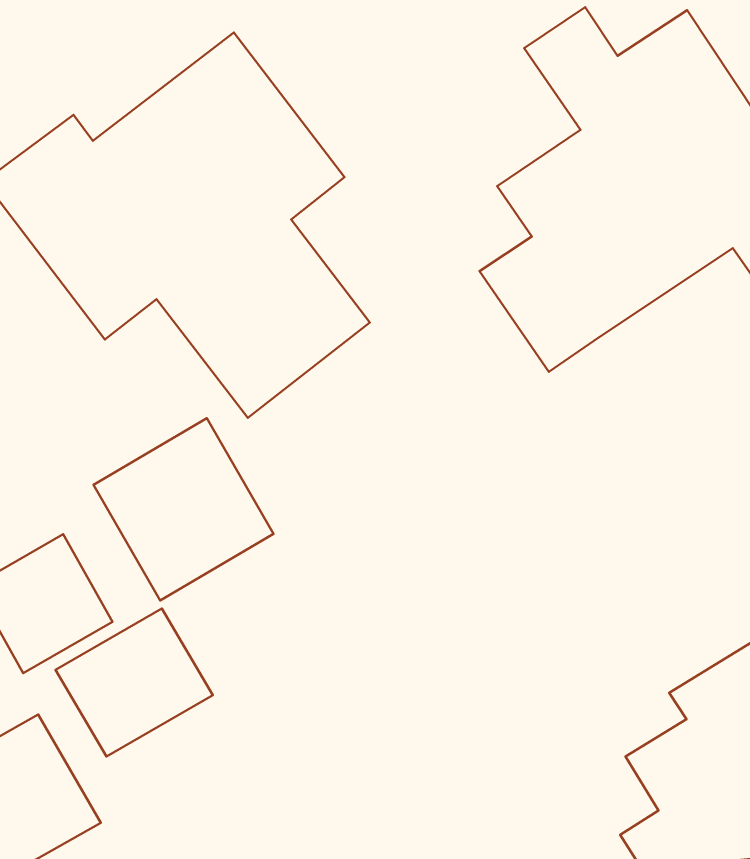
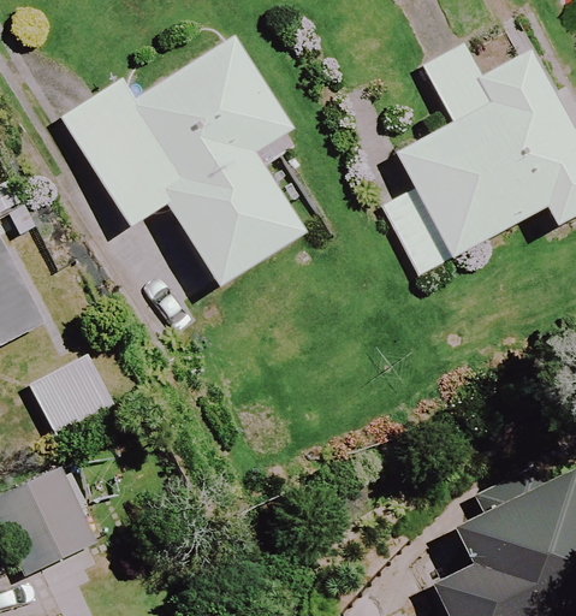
building: [94,418,273,600] -> none
building: [55,608,213,756] -> none

